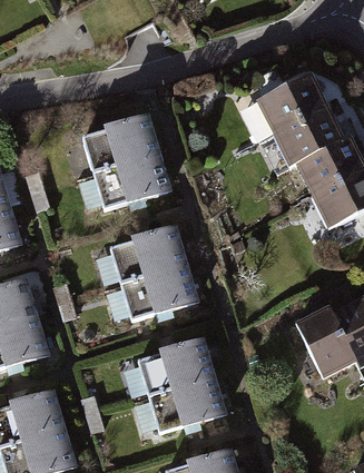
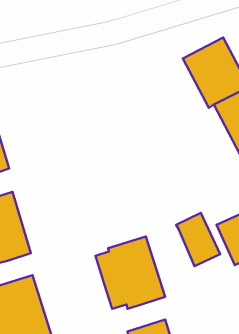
building: [81,112,173,209] -> none
building: [109,224,201,321] -> none
building: none -> [176,213,220,266]

